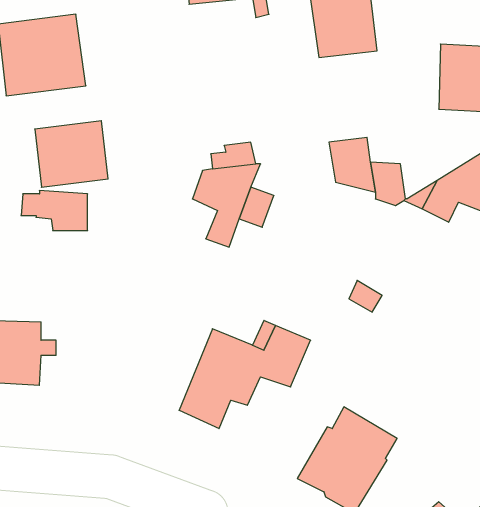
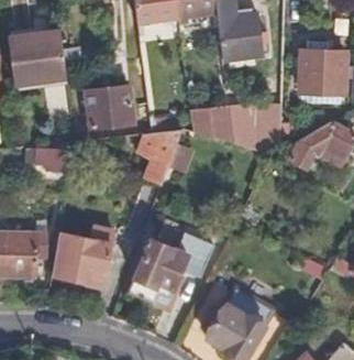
building: [35,121,108,187] -> [87,85,135,129]
building: none -> [191,111,233,144]
building: none -> [53,228,114,285]

